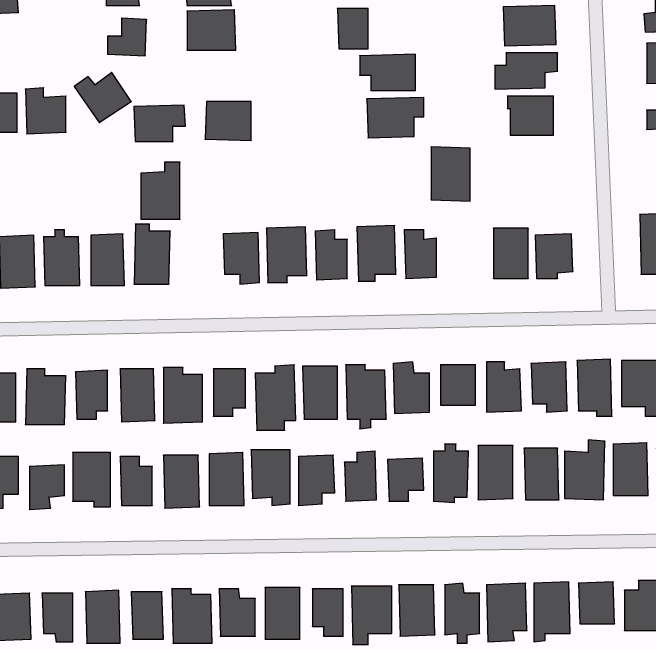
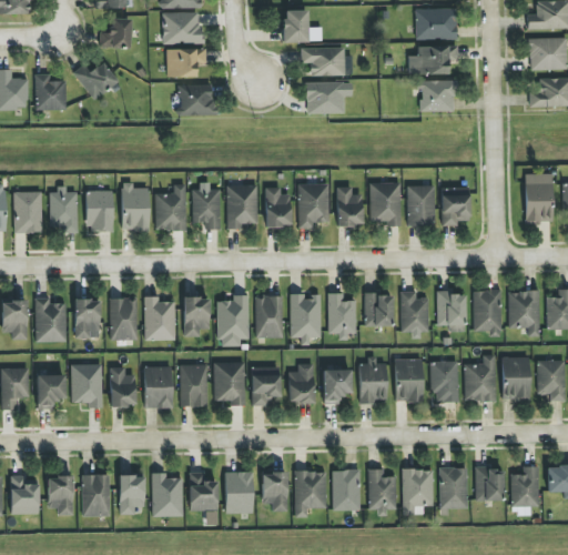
building: [134,105,185,141] -> [166,48,207,77]
building: [431,147,470,201] -> [369,182,400,225]
building: [141,162,180,219] -> [155,184,186,230]

